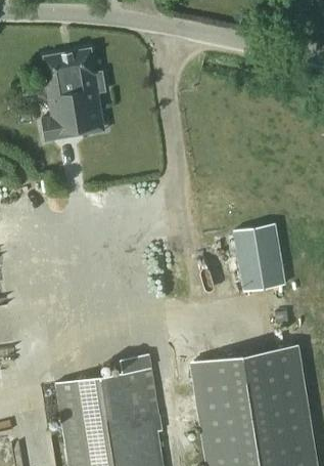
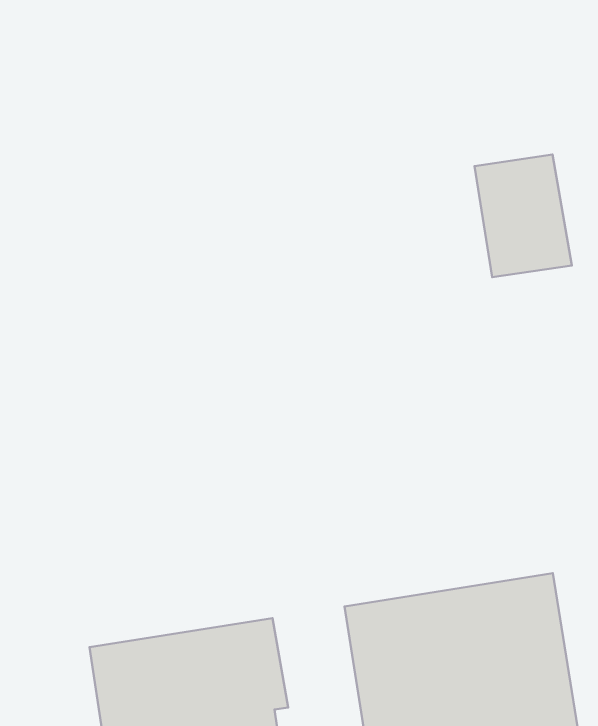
building: [41,49,104,141] -> none
building: [235,225,286,290] -> [475,154,572,277]

